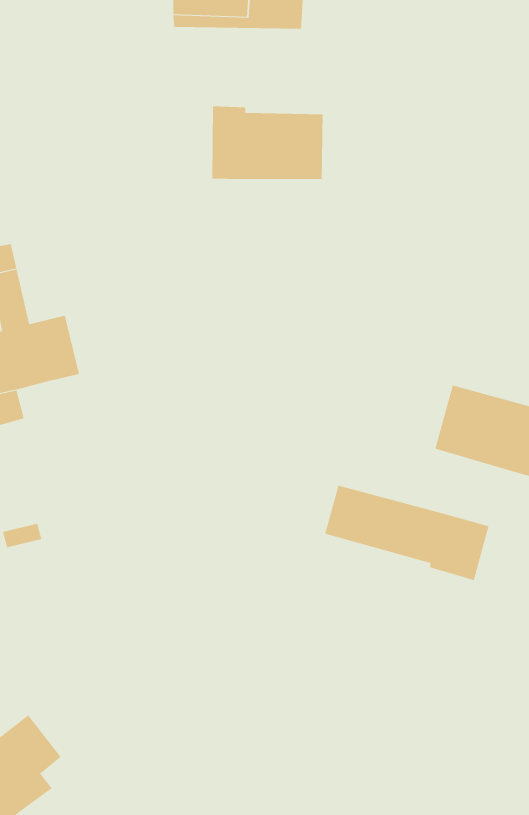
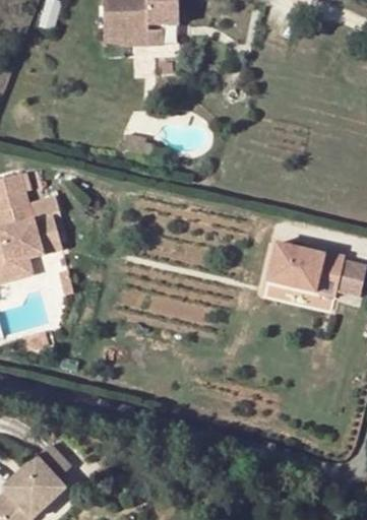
building: [212,106,323,180] -> none
building: [324,485,489,581] -> none

